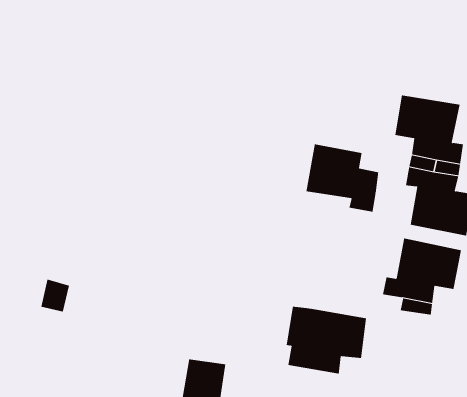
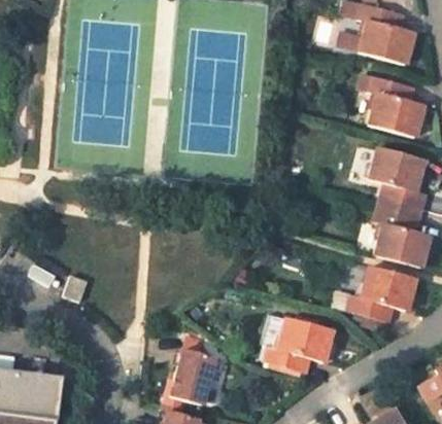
building: none -> [366,75,424,138]
building: [306,143,379,213] -> none

